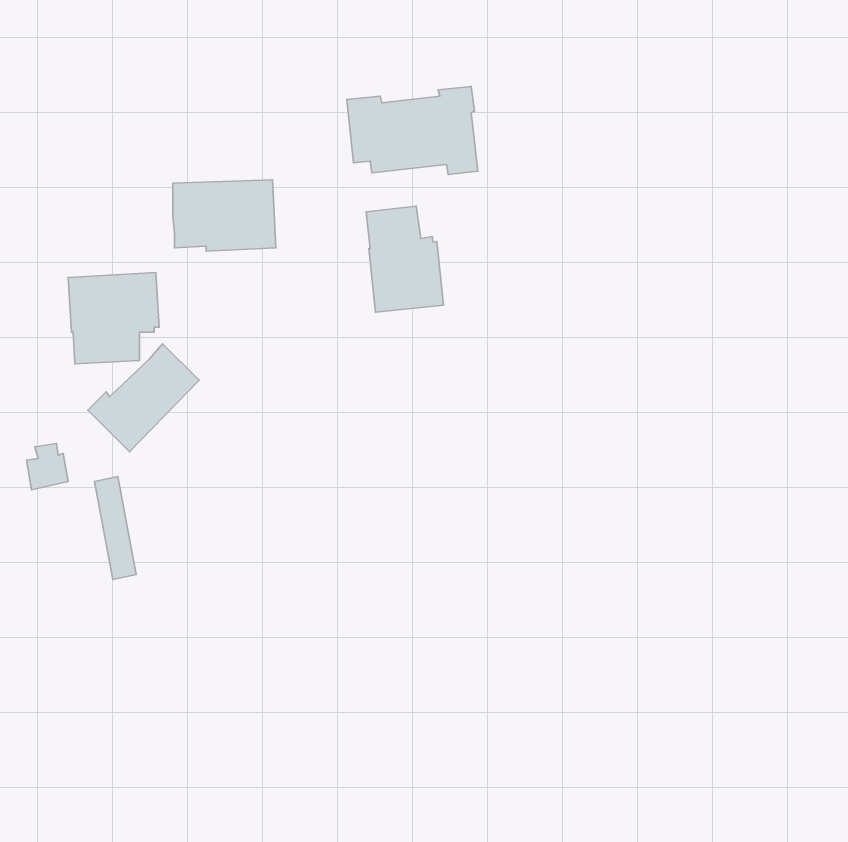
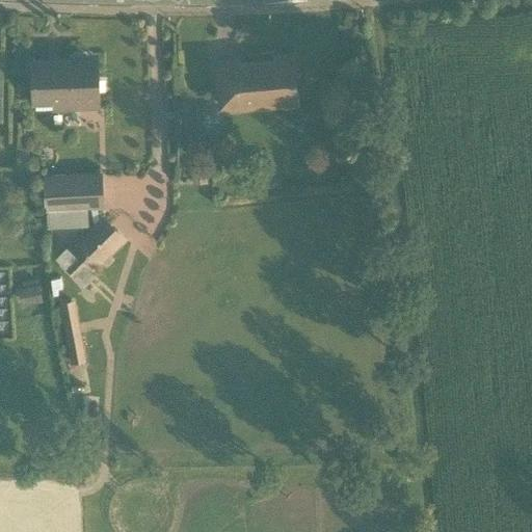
building: [173,180,276,251] -> [33,66,98,111]
building: [366,206,443,312] -> none

